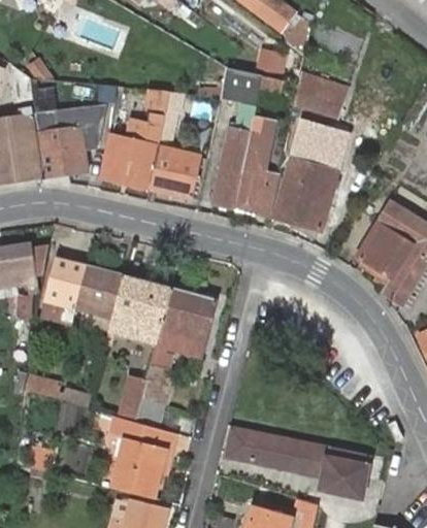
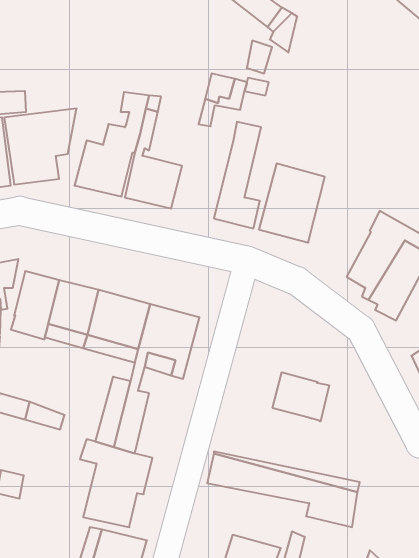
building: [294,71,344,114] -> none
building: [291,118,347,168] -> none
building: [211,128,251,207] -> none
building: none -> [273,372,329,421]

